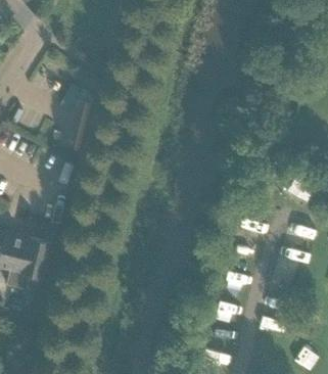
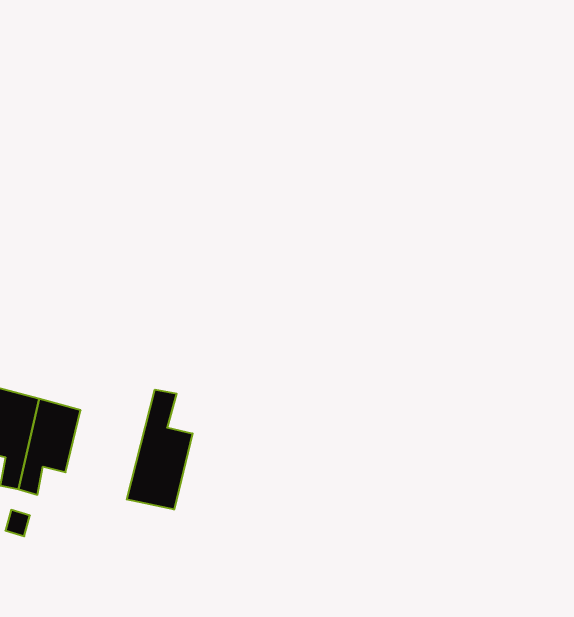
building: none -> [127,390,193,510]

